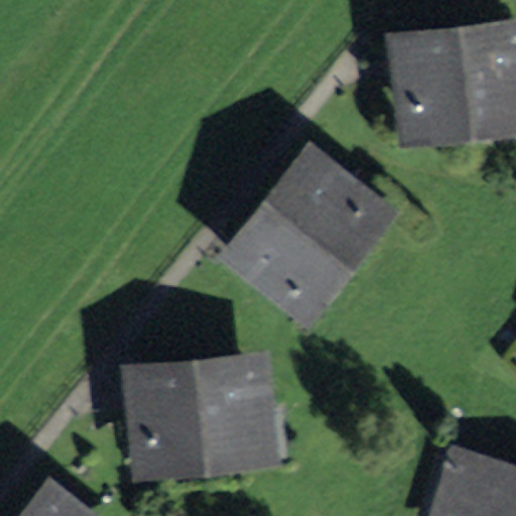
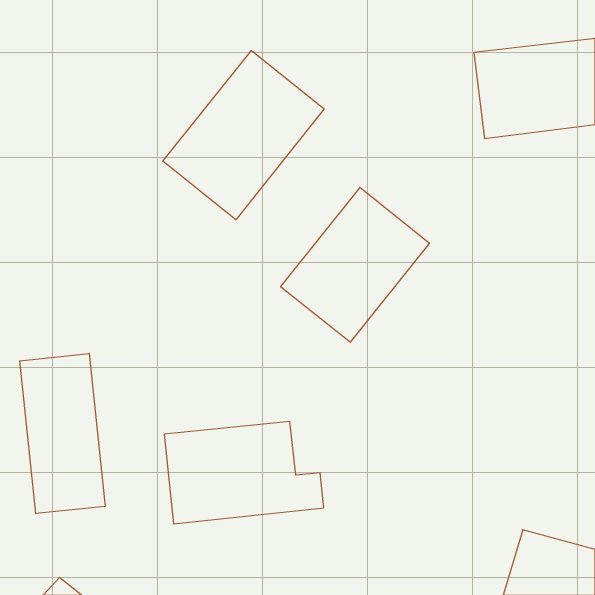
building: none -> [163,51,324,220]
building: none -> [20,353,105,514]

